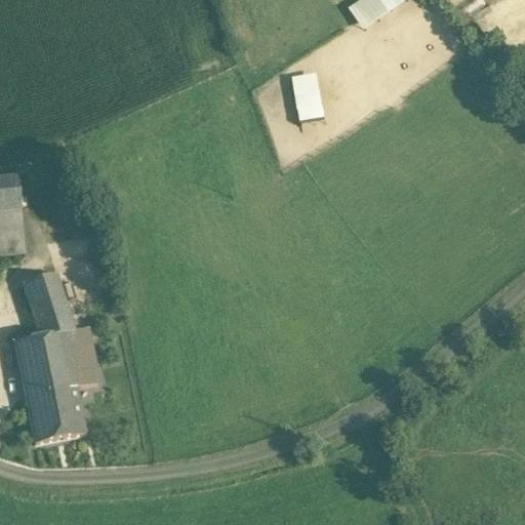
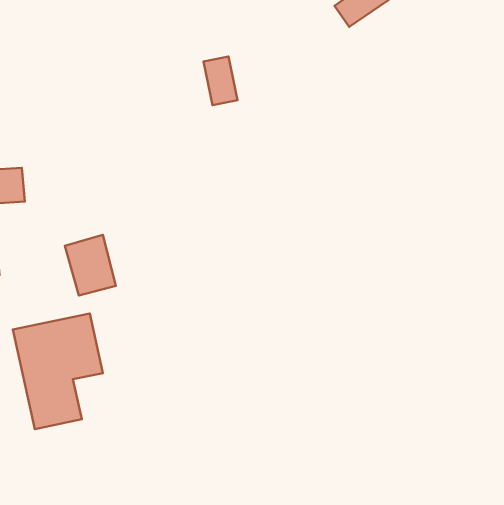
building: [286,71,321,121] -> [204,56,237,105]
building: [26,270,78,332] -> [65,235,116,296]

